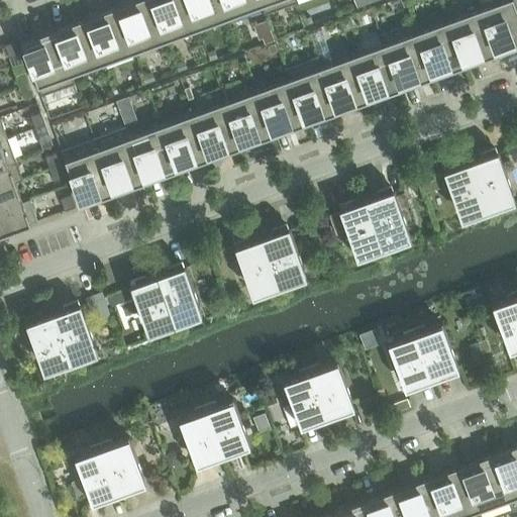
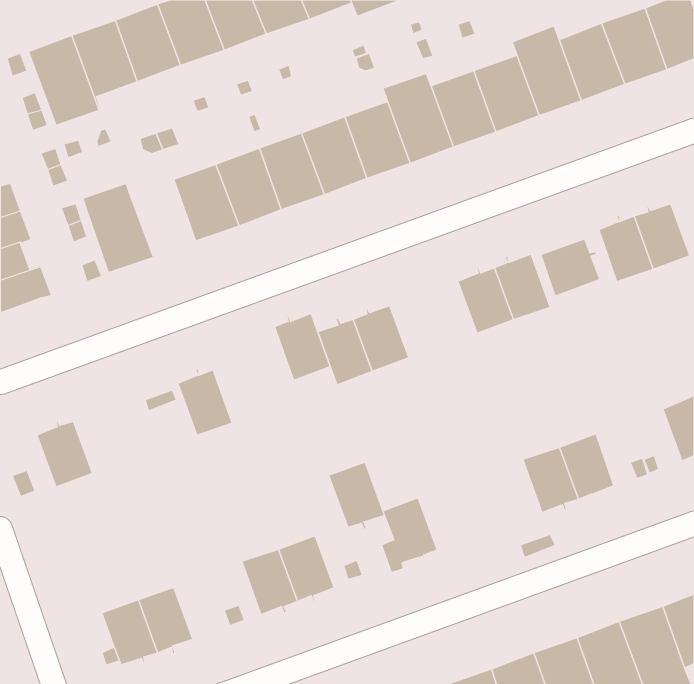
building: [94,132,145,199] -> none
building: none -> [541,239,600,296]
building: [159,273,200,322] -> [275,313,330,380]
building: [55,311,95,359] -> none
building: [311,368,352,417] -> [329,462,384,529]

